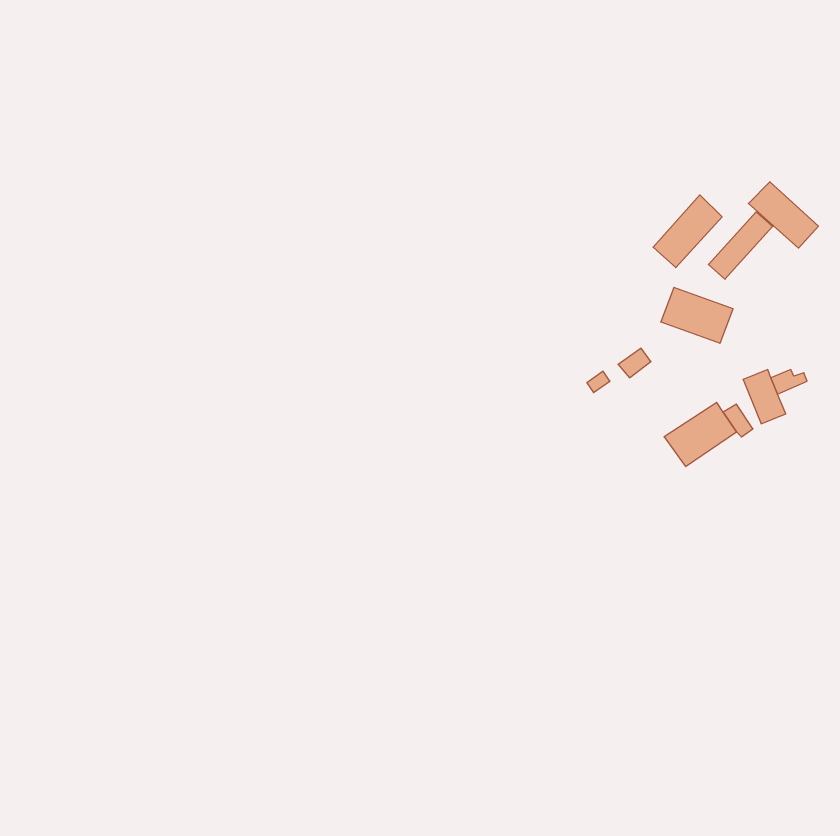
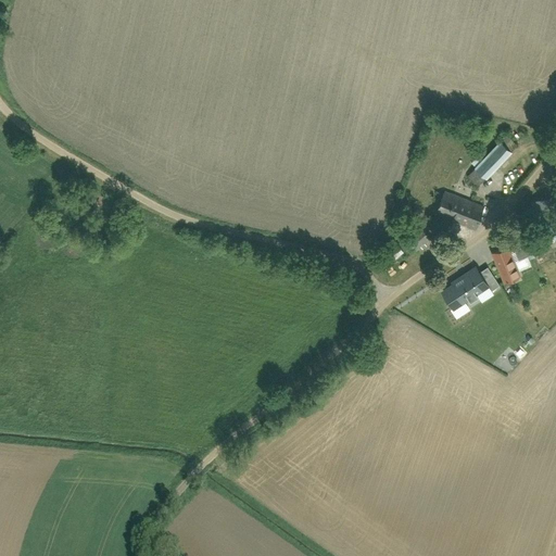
building: [748,182,818,248] -> none
building: [653,195,722,268] -> none

